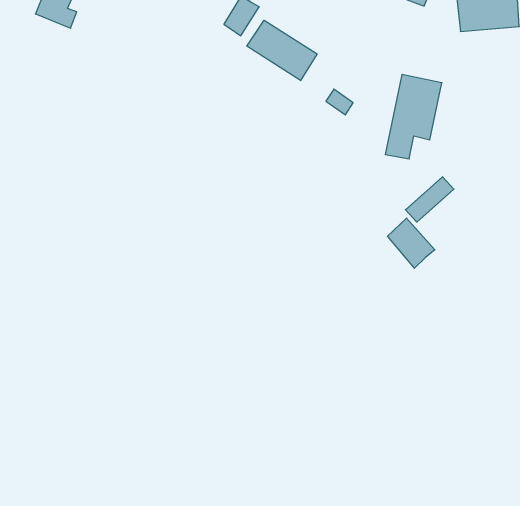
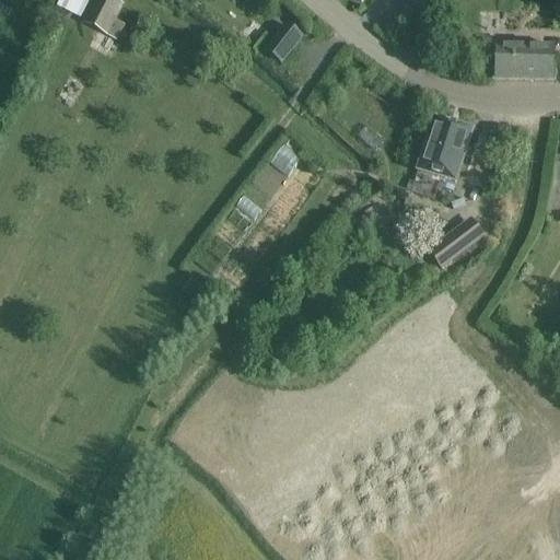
building: [247,20,317,81] -> none
building: [388,218,435,268] -> none

